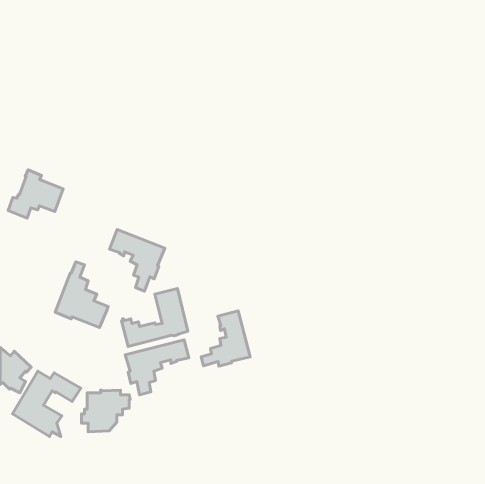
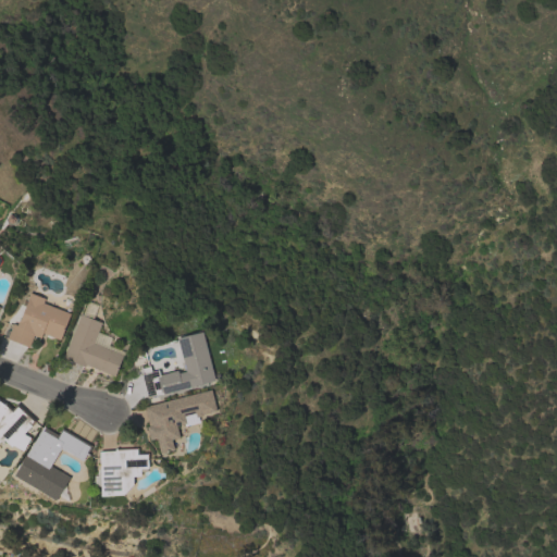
building: [8,170,63,218] -> [7,293,70,348]
building: [109,230,165,291] -> none
building: [201,311,250,366] -> none

